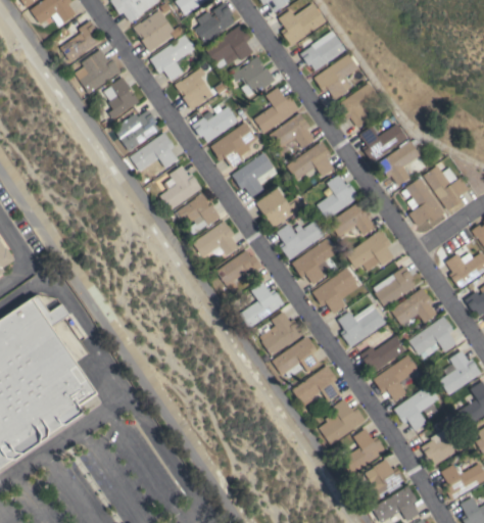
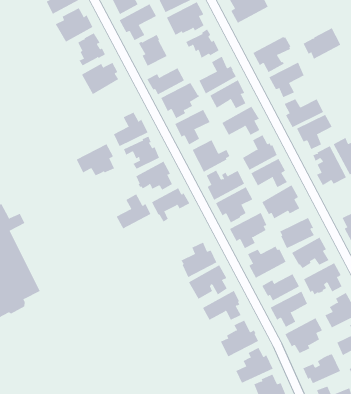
building: [300,30,346,70] -> [303,27,341,59]
building: [130,132,178,173] -> [76,143,115,176]
building: [242,281,284,326] -> [116,193,151,229]

